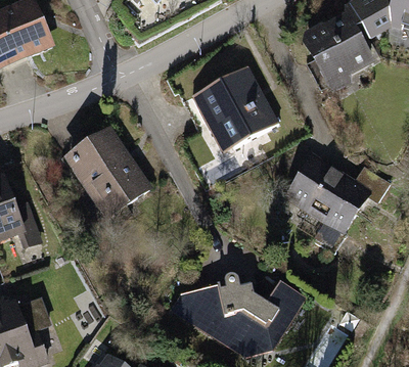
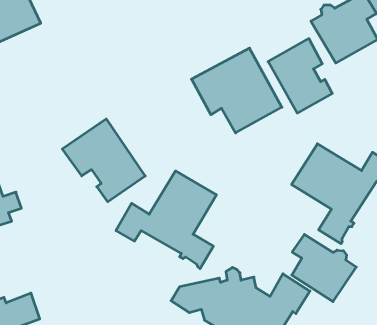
building: none -> [268,39,332,113]
building: none -> [116,171,216,269]
building: none -> [292,234,356,302]

